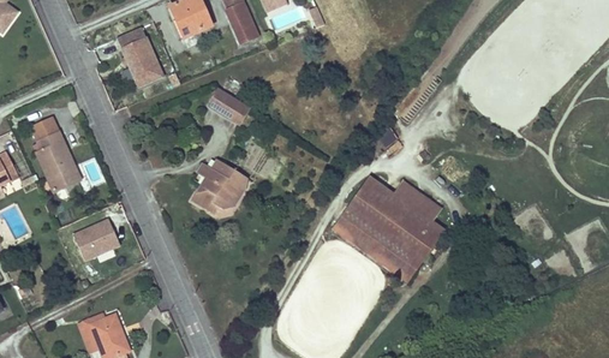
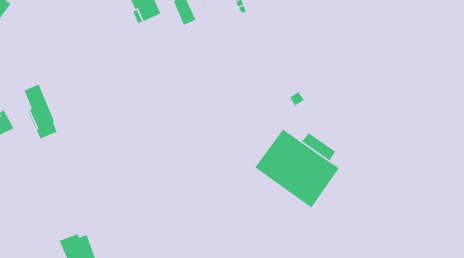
building: [115,26,162,86] -> none
building: [208,89,249,124] -> none
building: [192,159,246,213] -> none
building: [73,219,119,261] -> none

